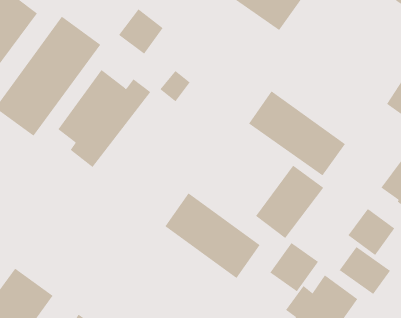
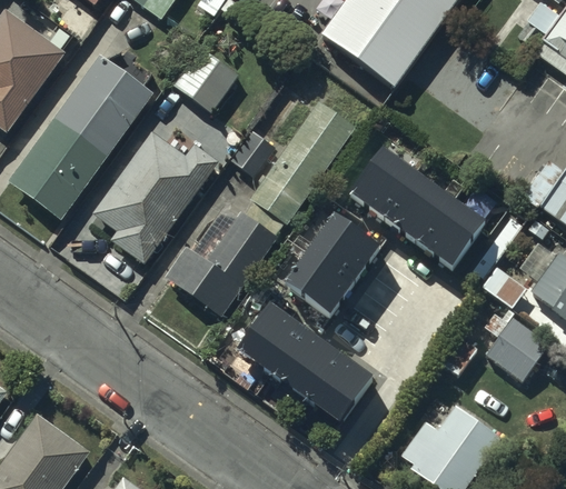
building: none -> [166,102,356,316]
building: [255,165,324,239] -> [285,216,378,316]
building: [269,242,319,292] -> none
building: [339,246,391,295] -> none

